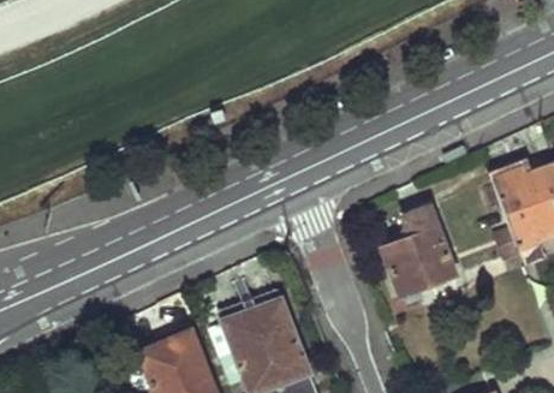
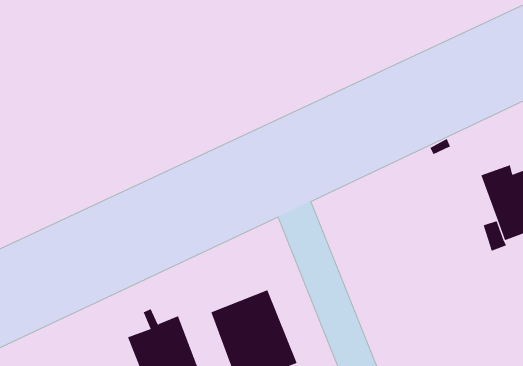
building: [381,208,458,298] -> none

